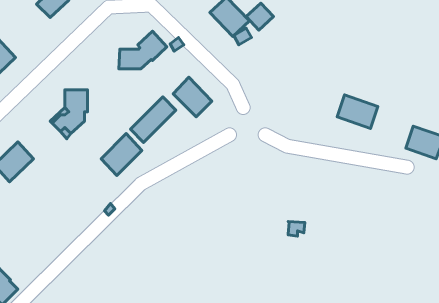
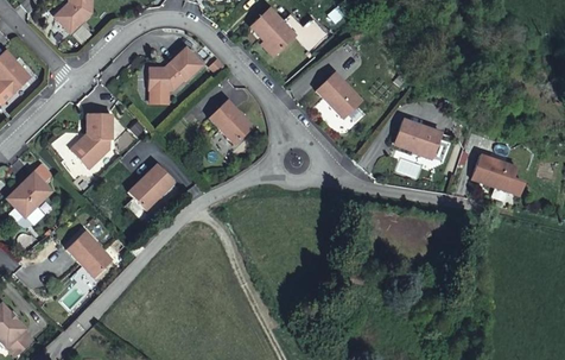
building: none -> [315,69,361,115]
building: [130,97,176,143] -> none
building: none -> [66,232,113,279]

